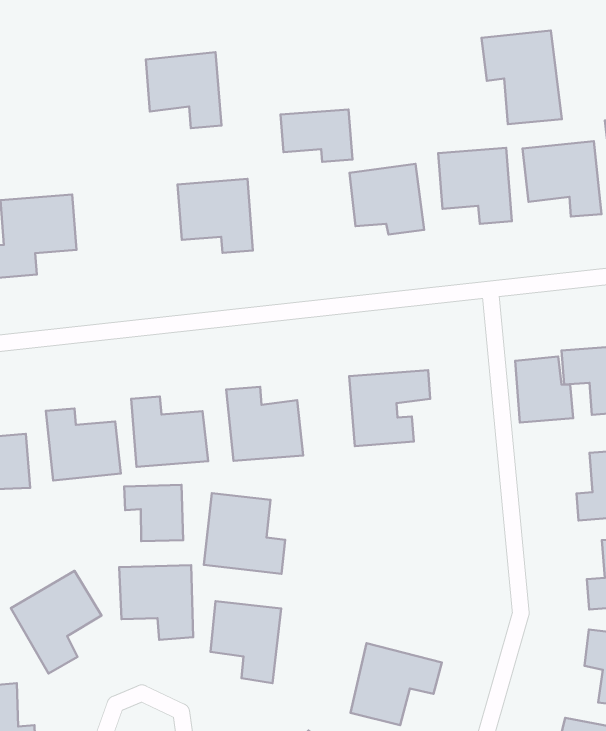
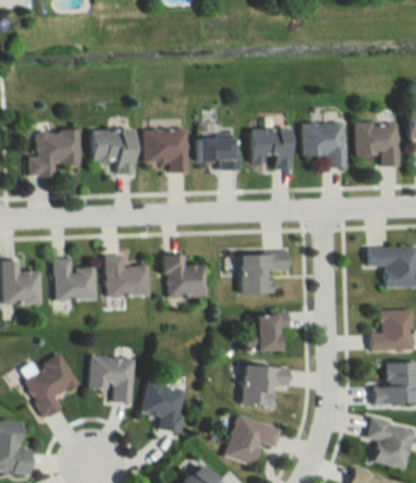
building: [482,31,562,124] -> none
building: [146,52,221,128] -> [91,129,134,174]
building: [281,109,352,162] -> [197,138,238,169]
building: [515,356,573,422] -> none
building: none -> [255,314,289,351]
building: [124,485,183,541] -> none
building: [204,493,285,574] -> none
building: none -> [241,367,289,407]

